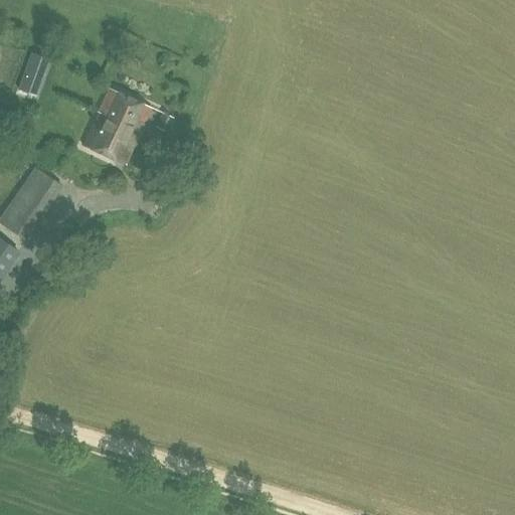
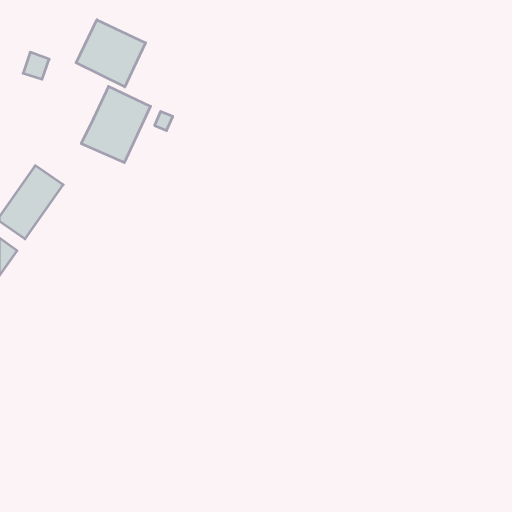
building: none -> [76,20,146,87]

